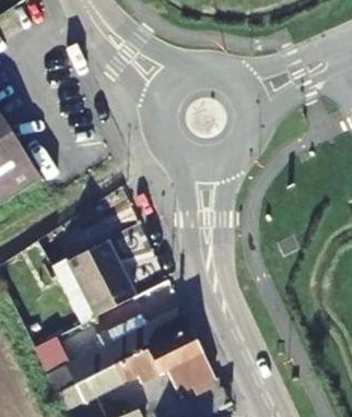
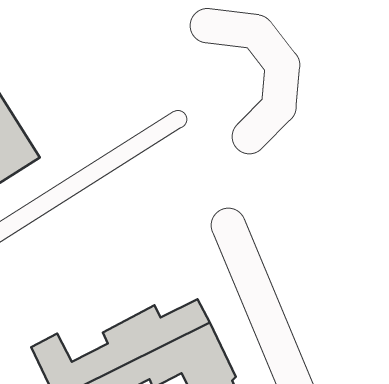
building: [67,240,133,315] -> none

